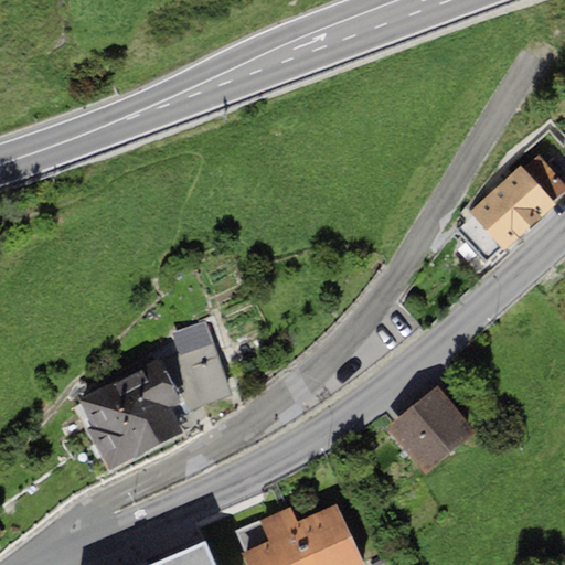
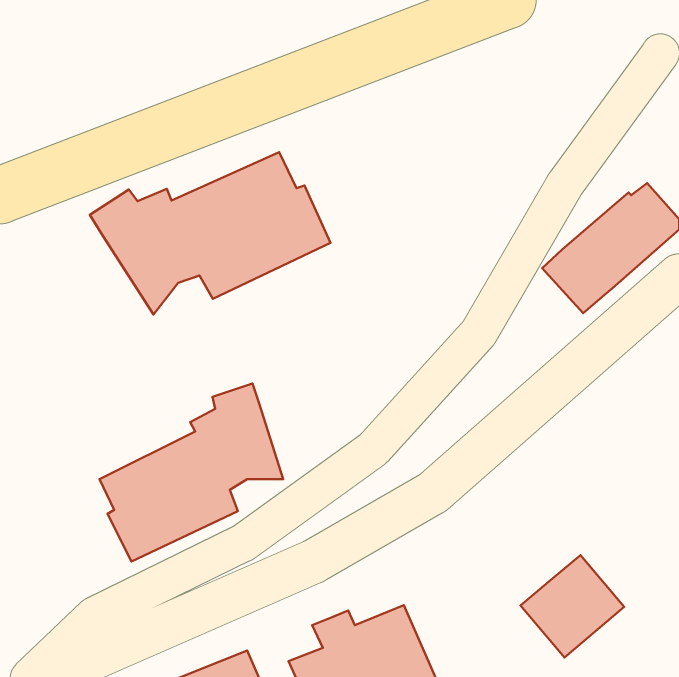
building: none -> [90,152,331,315]
building: [386,386,472,471] -> [521,555,624,657]

